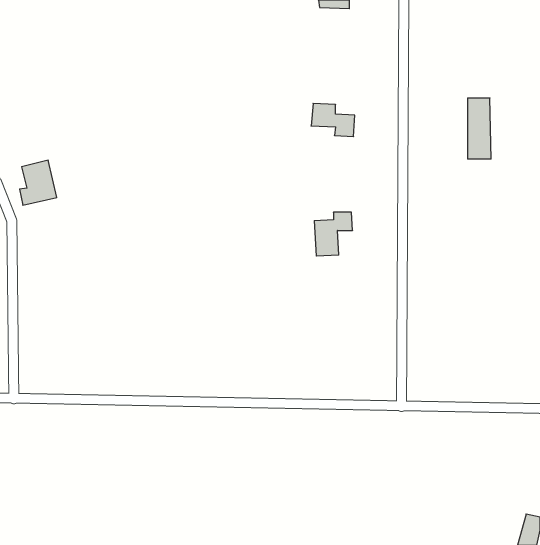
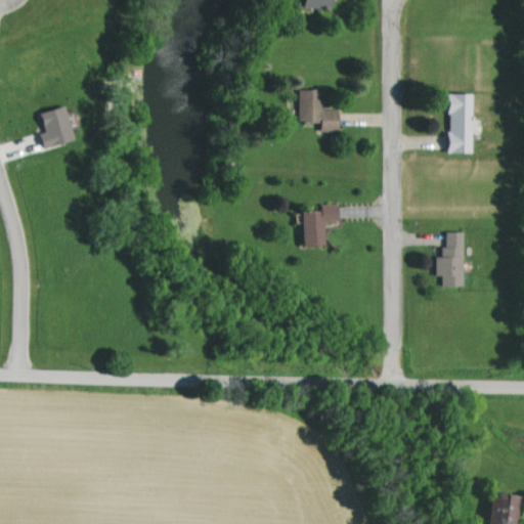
building: [20,160,57,205] -> [39,105,75,148]
building: none -> [435,231,464,287]

